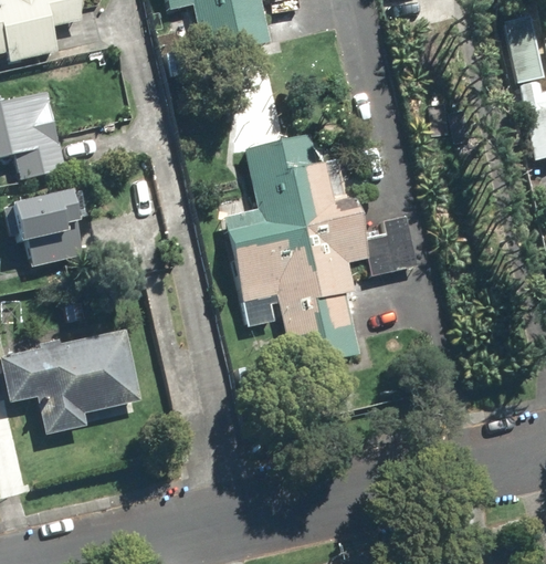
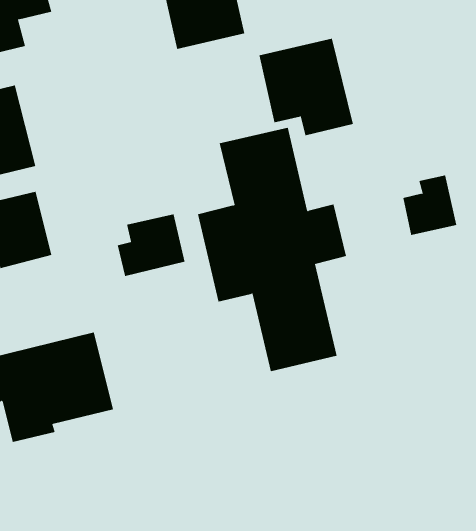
building: none -> [259,38,353,136]
building: [367,212,420,271] -> [403,175,457,236]
building: none -> [117,213,185,277]

